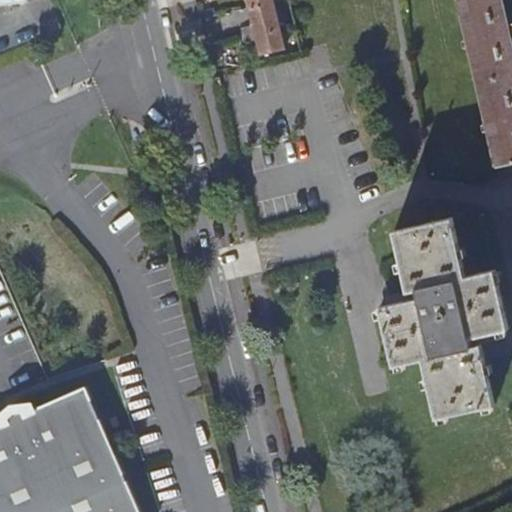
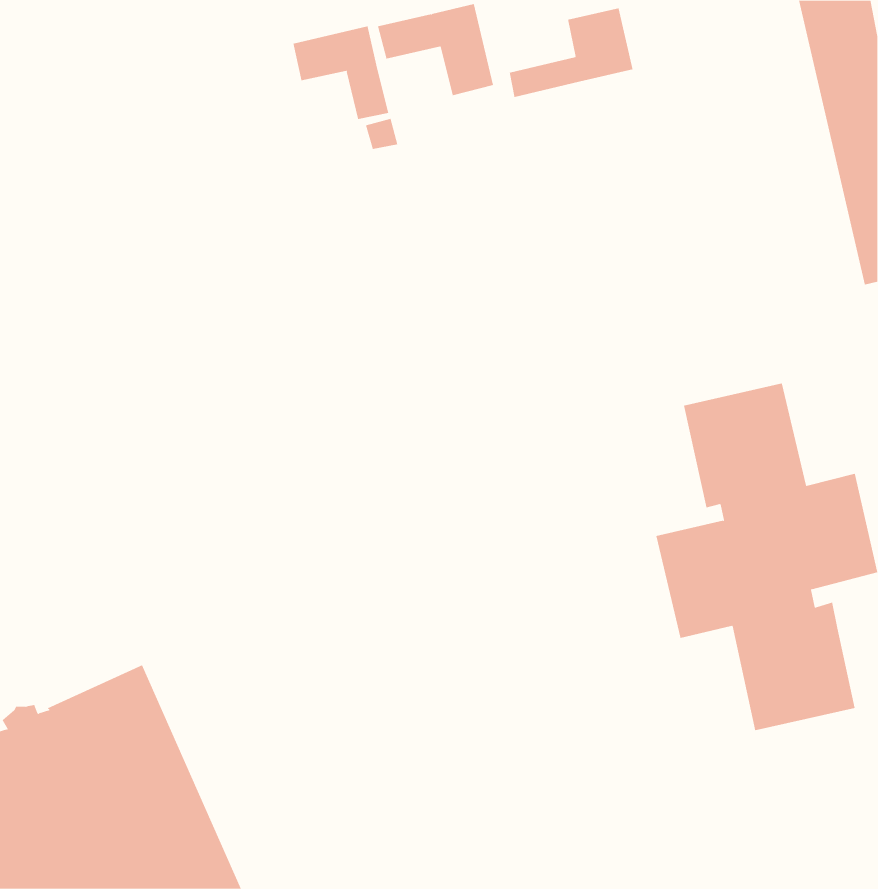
building: none -> [509,8,633,98]
building: none -> [293,26,389,120]

